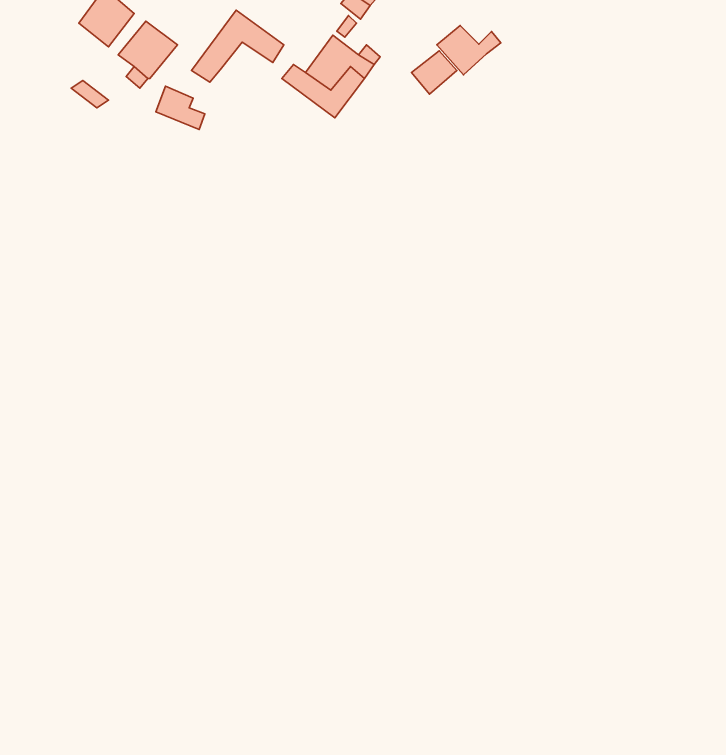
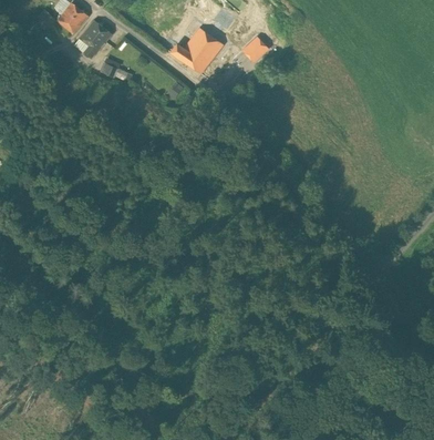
building: [192,10,284,82] -> none
building: [437,25,501,75] -> none

